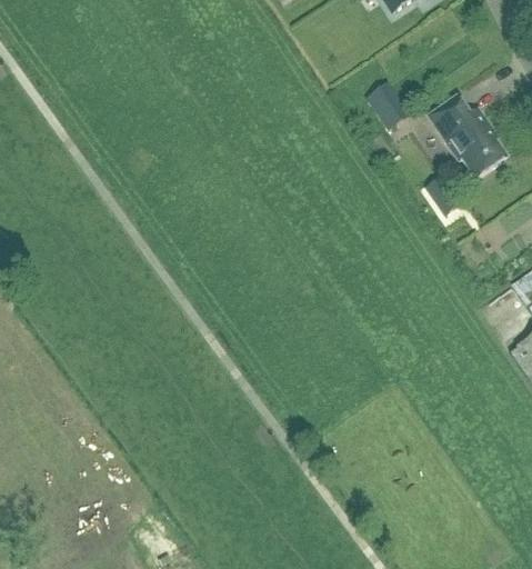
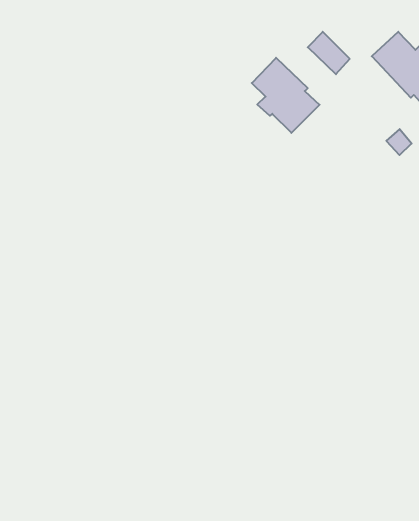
building: none -> [252,58,320,133]

